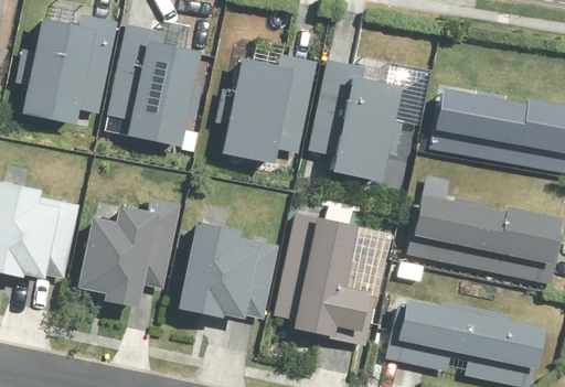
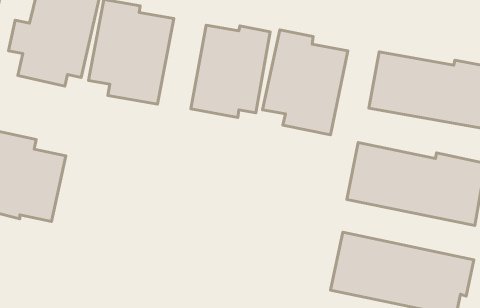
building: [78,200,180,308] -> none
building: [269,209,376,350] -> none
building: [180,218,277,324] -> none

